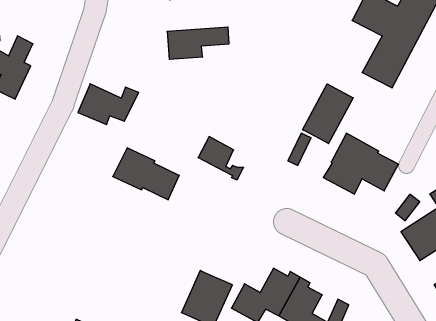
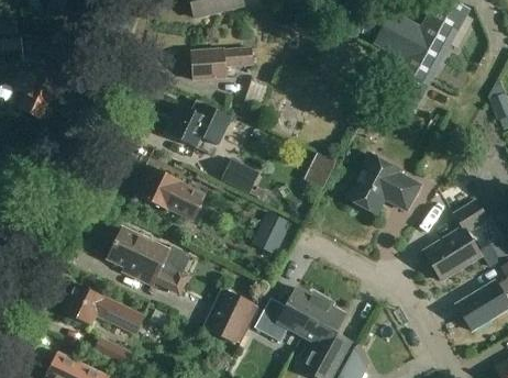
building: [78,84,139,125] -> [168,105,229,146]
building: [303,84,353,144] -> none
building: none -> [253,211,287,252]
building: none -> [107,223,191,286]
building: none -> [63,284,143,333]

